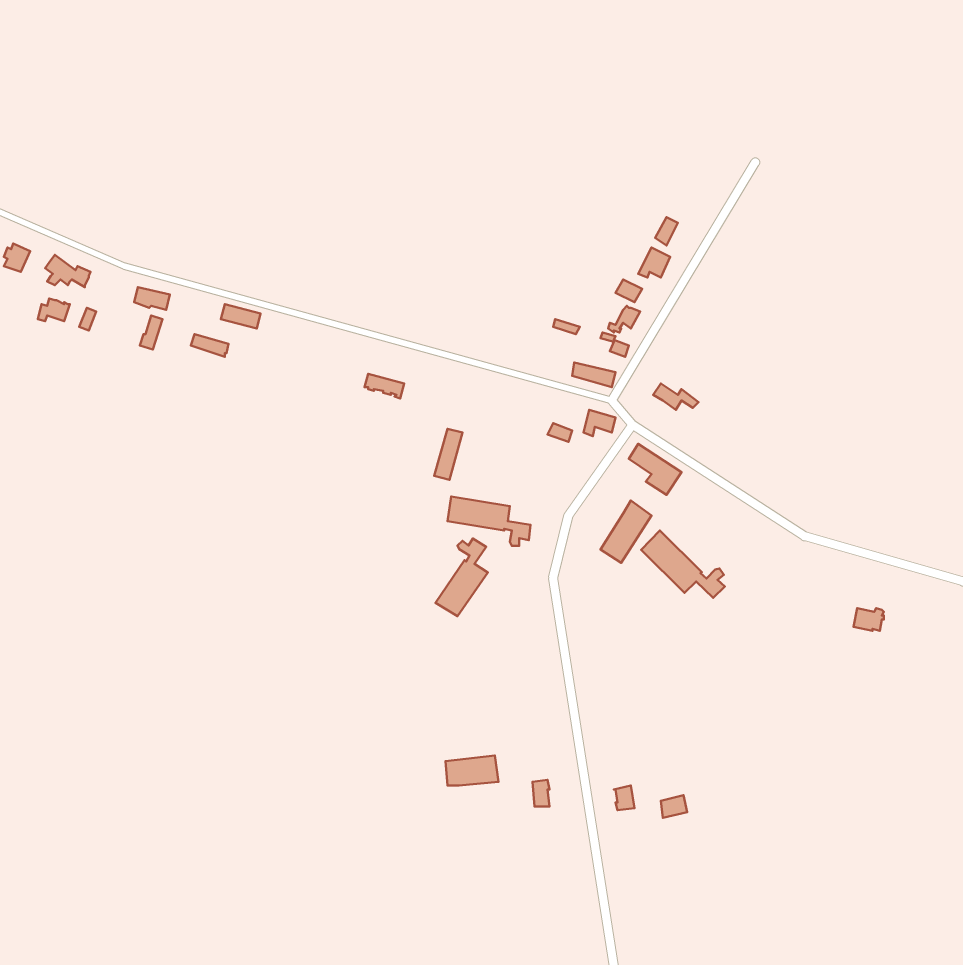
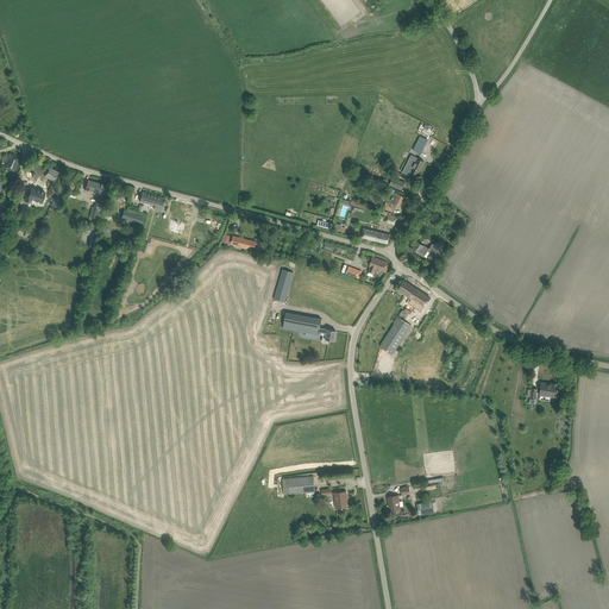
building: [641,531,725,598] -> none
building: [436,538,488,616] -> none

